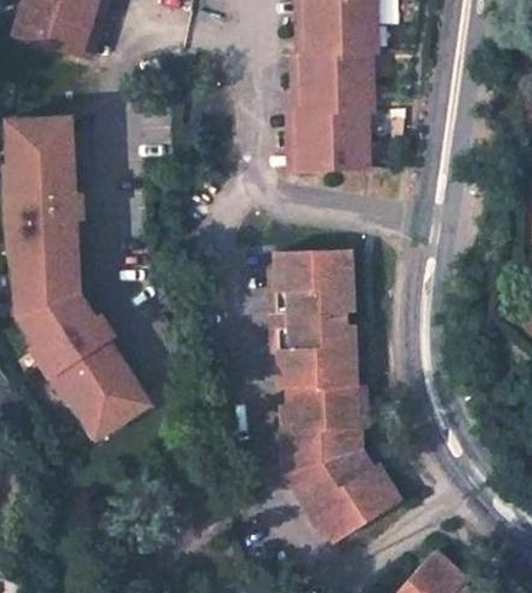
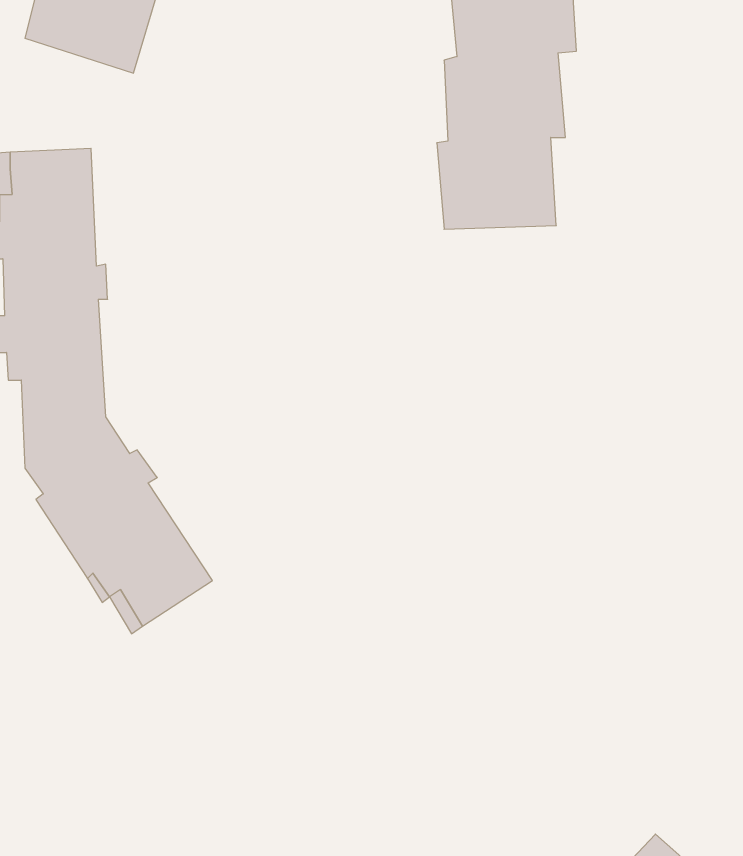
building: [263,264,404,548] -> none

